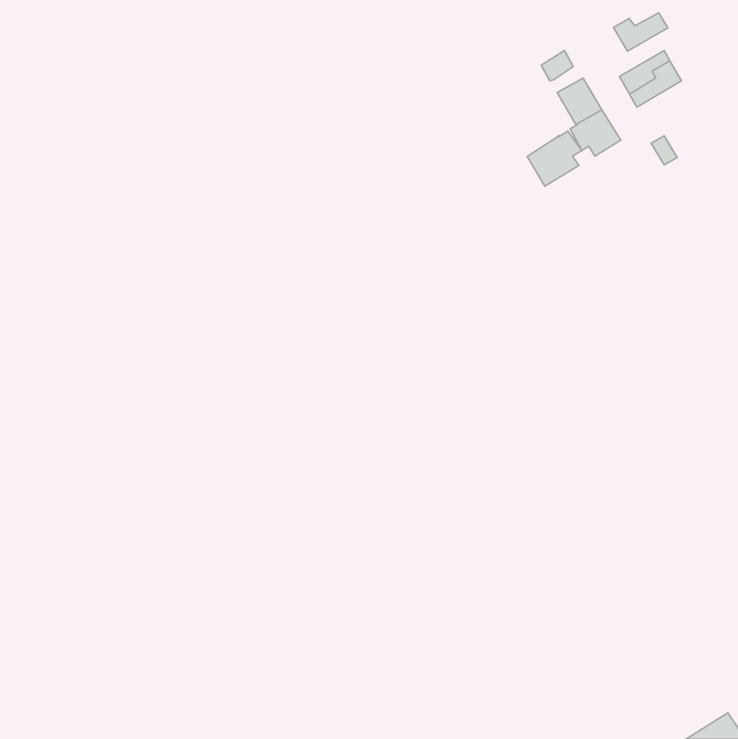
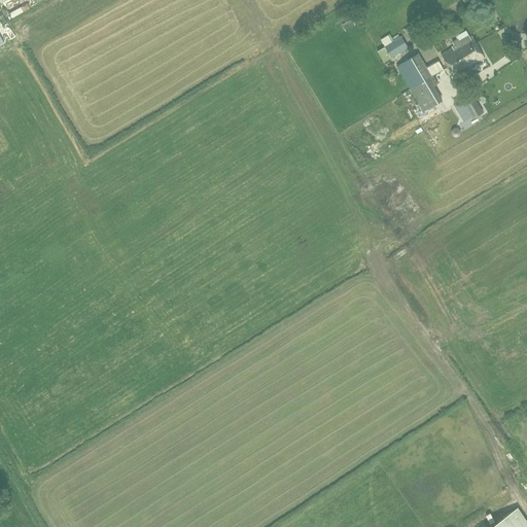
building: [614,13,668,51] -> none
building: [527,131,582,186] -> none

